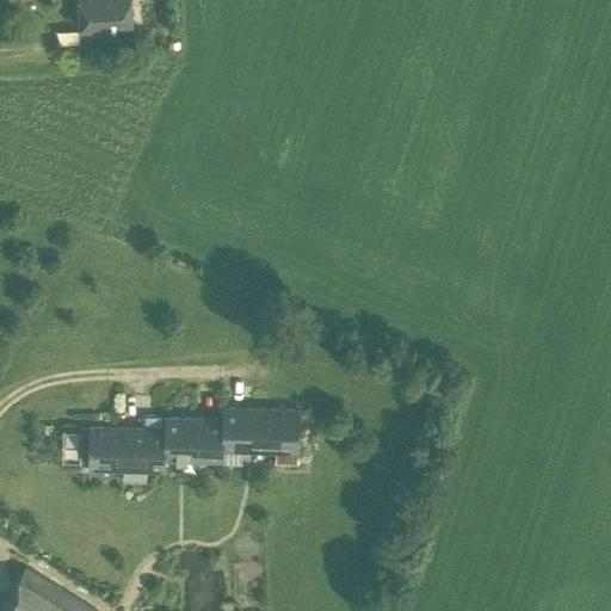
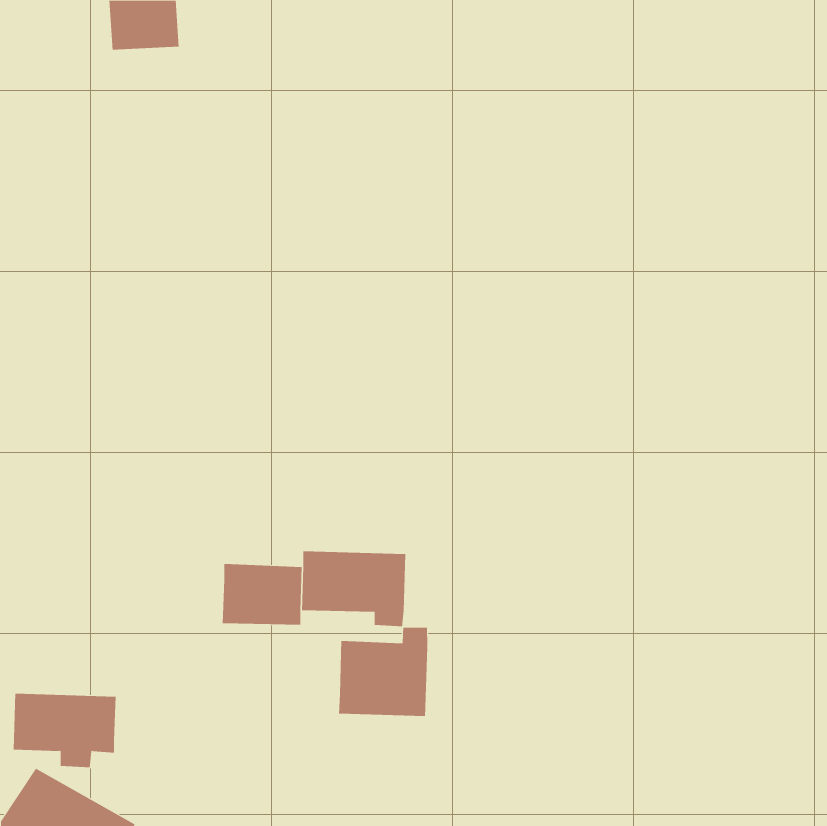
building: [88,426,165,481] -> [13,693,116,768]
building: none -> [338,627,428,717]

